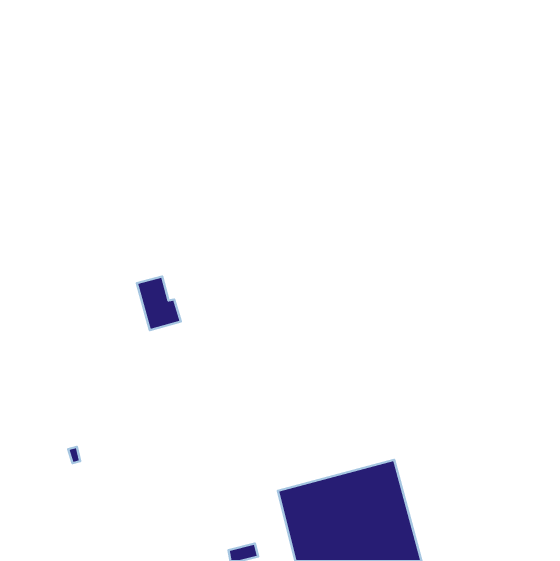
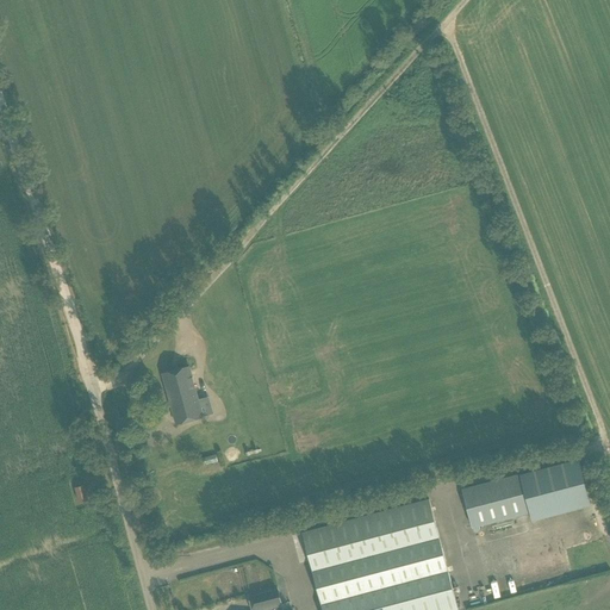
building: [137,276,181,330] -> [161,367,208,425]
building: none -> [461,460,589,531]

